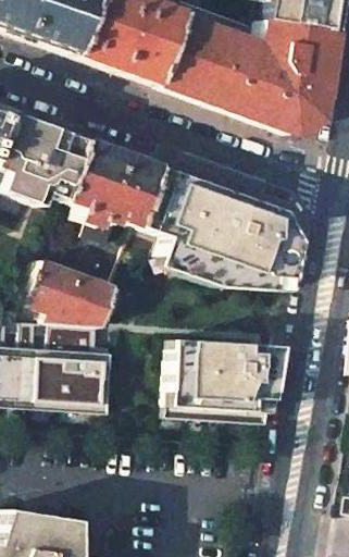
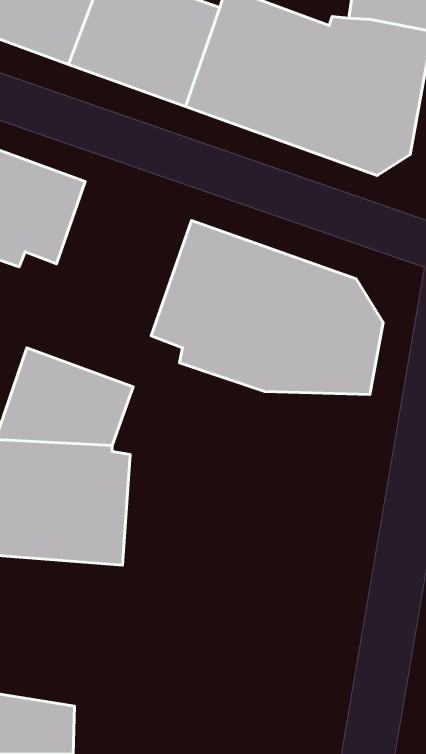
building: [60,137,158,242] -> none
building: [159,334,282,425] -> none

